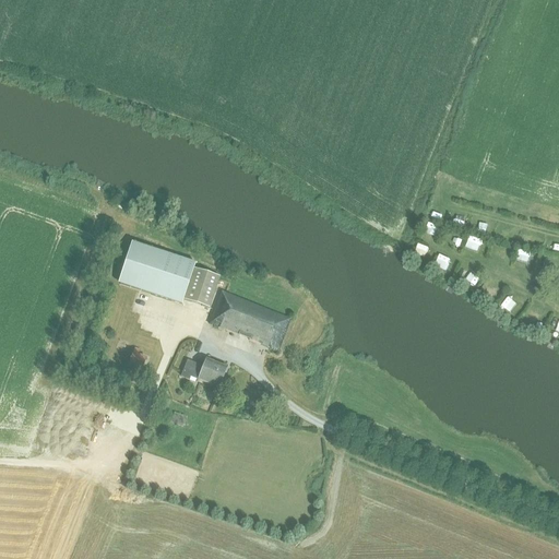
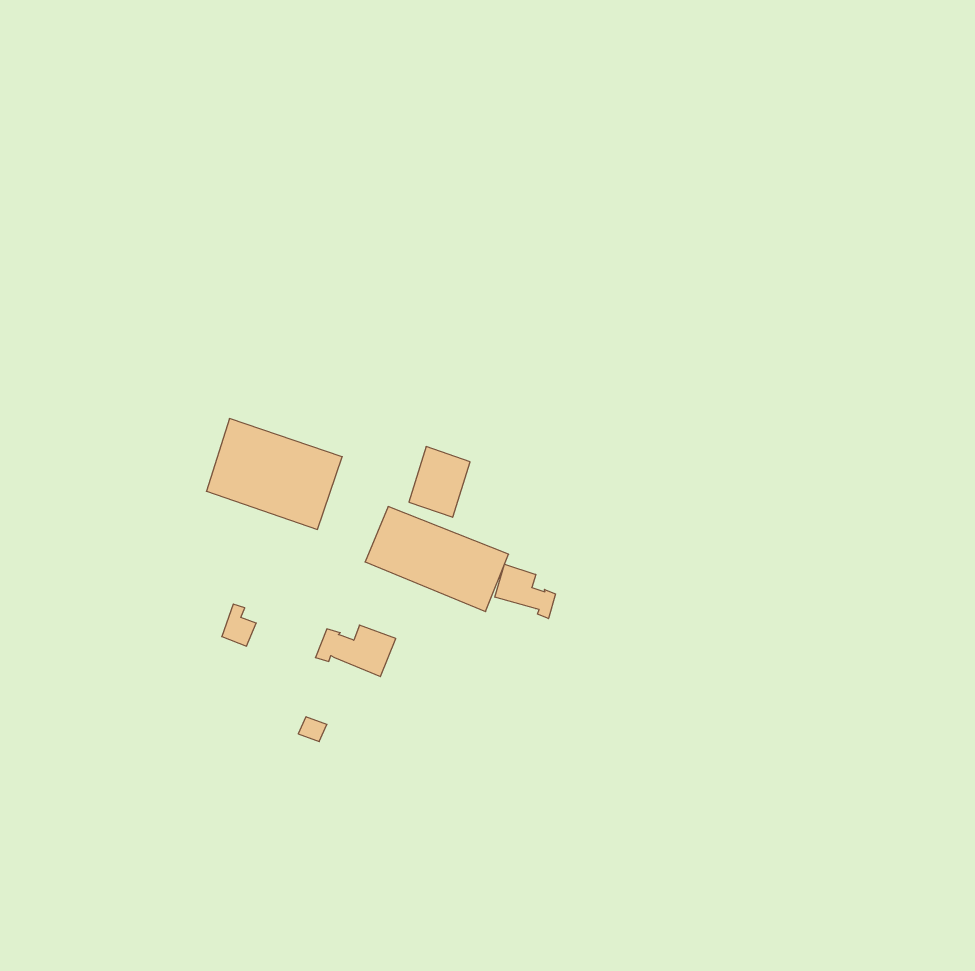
building: [185,265,219,306] -> [409,447,470,517]
building: none -> [495,564,556,619]

